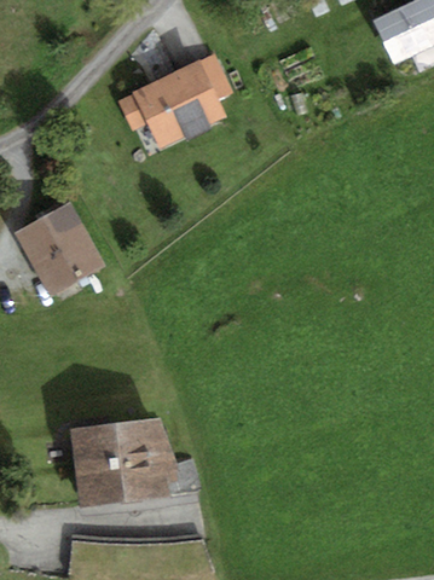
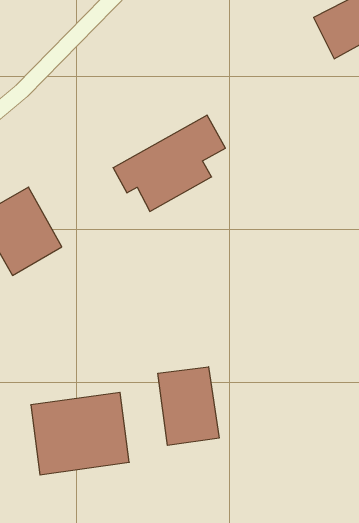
building: [120,48,238,150] -> [113,115,225,211]
building: none -> [158,367,219,445]

